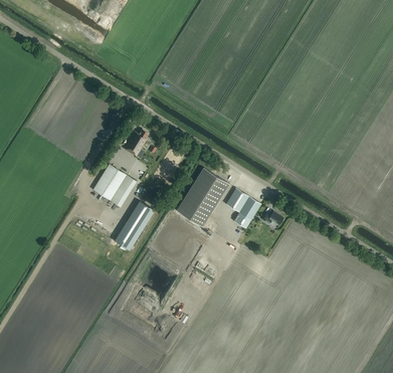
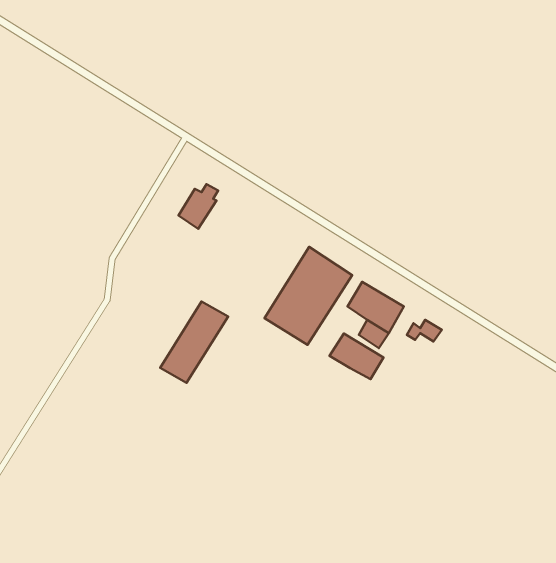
building: [92,164,136,207] -> none
building: none -> [329,334,383,379]

